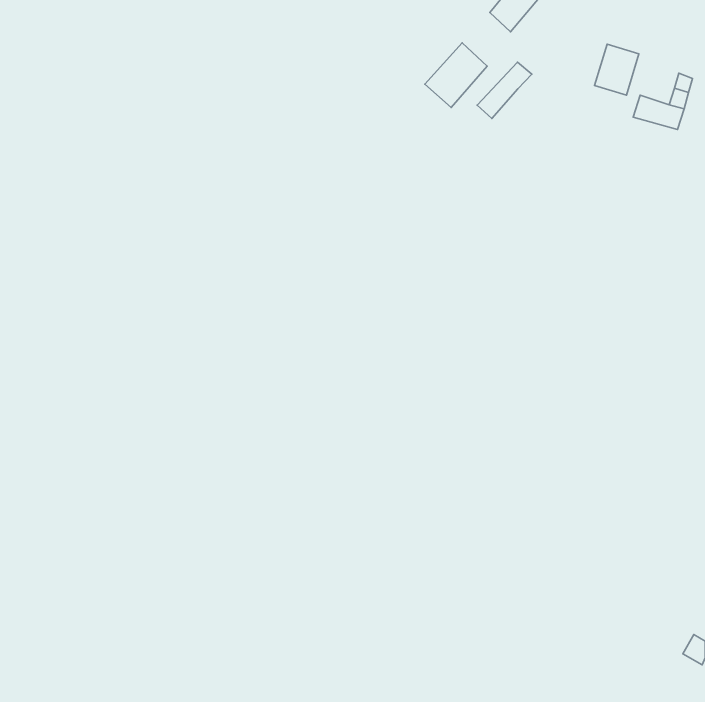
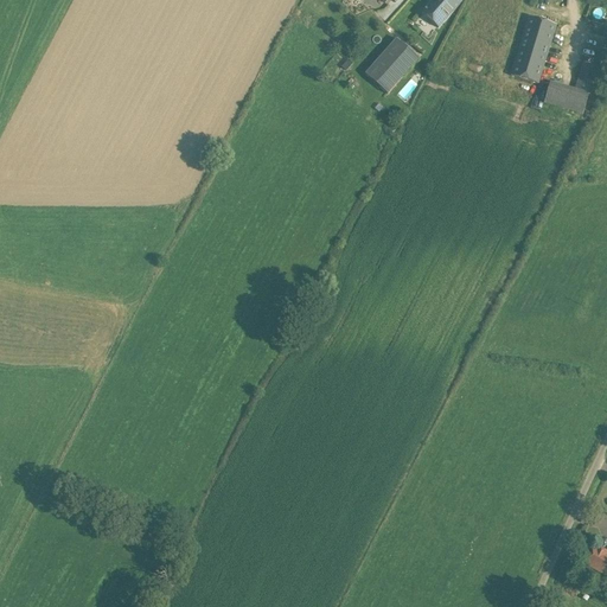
building: none -> [522,14,556,46]
building: [477,62,532,118] -> none

